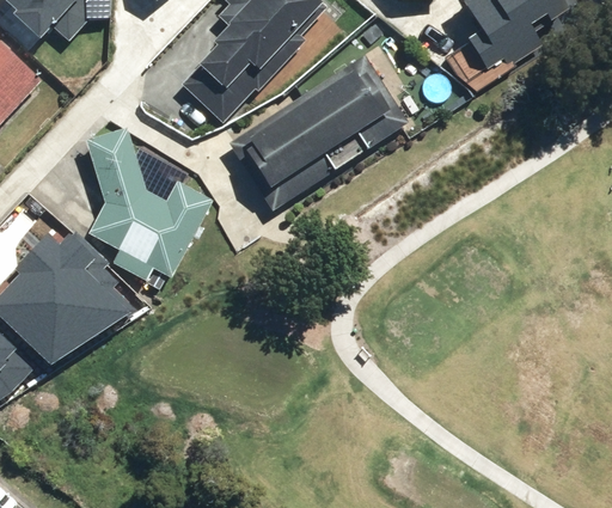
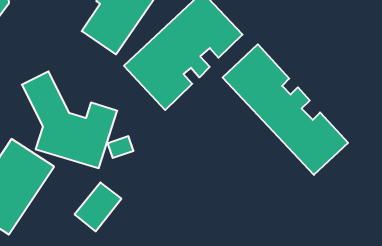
building: none -> [223,44,348,175]
building: [74,274,143,341] -> [75,182,121,231]

